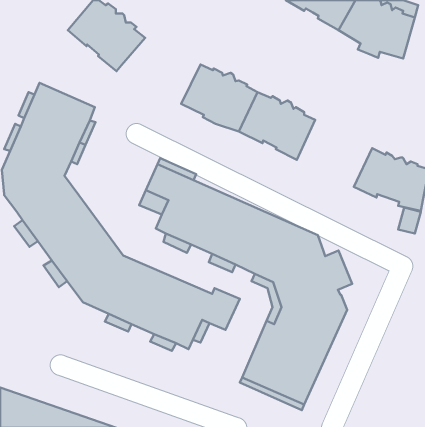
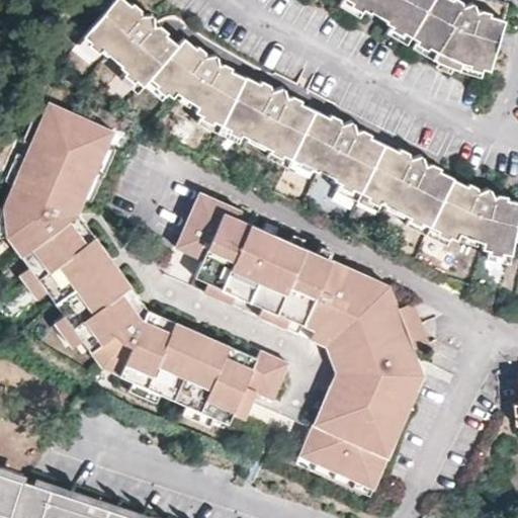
building: none -> [151,39,246,126]
building: none -> [362,146,453,227]

